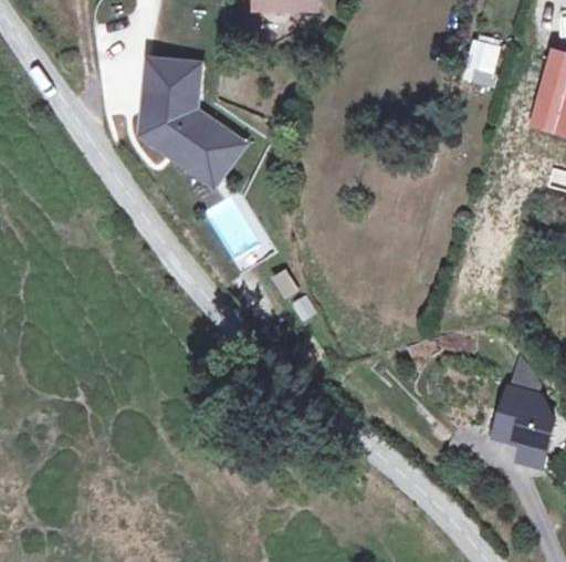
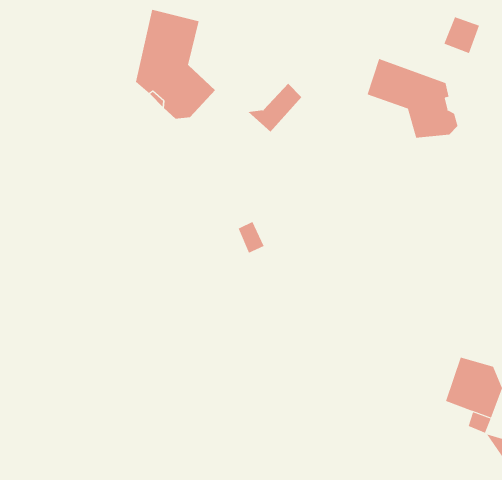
building: none -> [367,58,458,139]
building: [189,136,243,188] -> [248,83,302,132]

